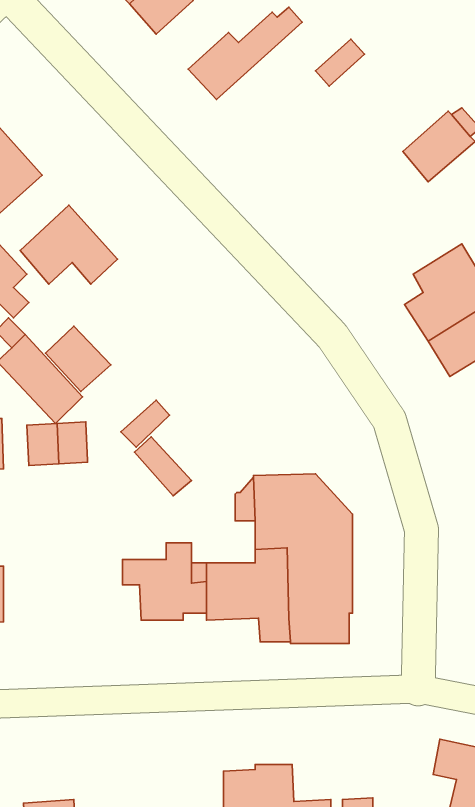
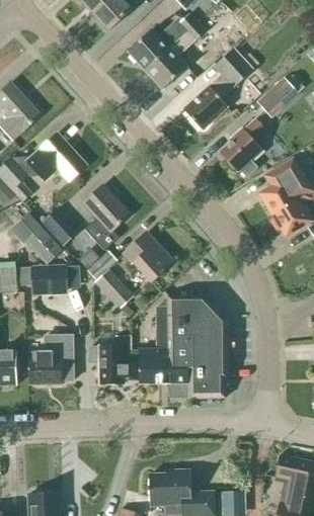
building: none -> [145,23,205,89]
building: none -> [183,49,253,131]
building: none -> [220,119,264,176]
building: none -> [83,184,130,251]
building: none -> [123,232,173,282]
building: none -> [28,335,73,384]

